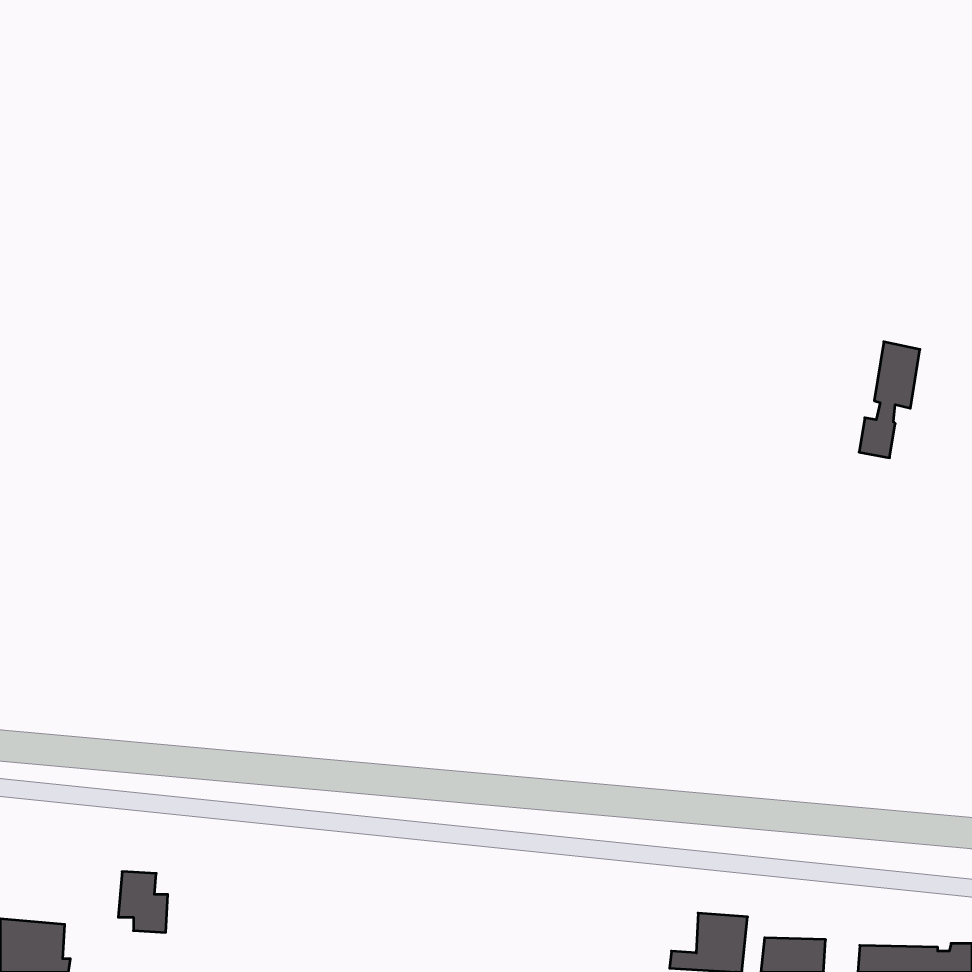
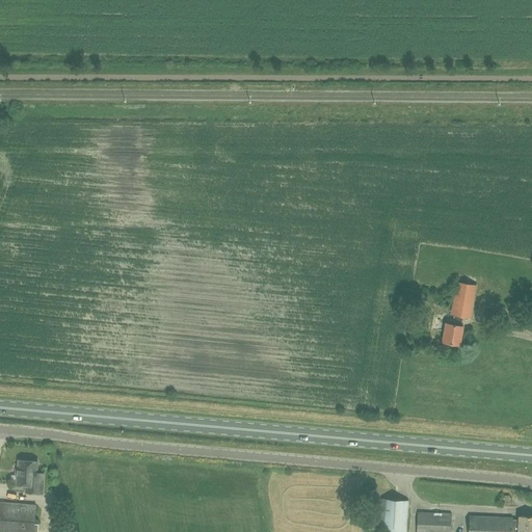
building: [859,342,920,458] -> [443,282,476,345]
building: [118,872,168,932] -> [17,460,44,494]

